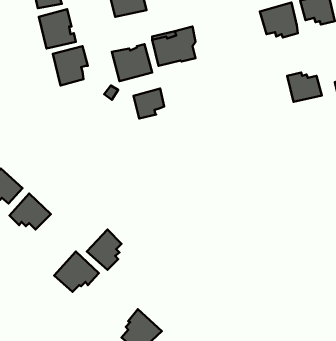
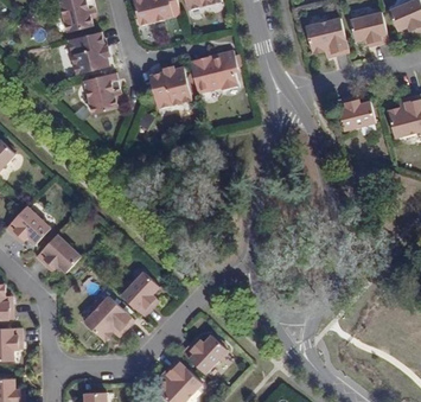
building: [133,88,164,119] -> none
building: none -> [180,330,225,369]

